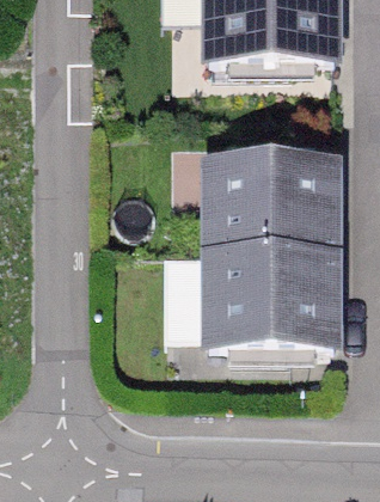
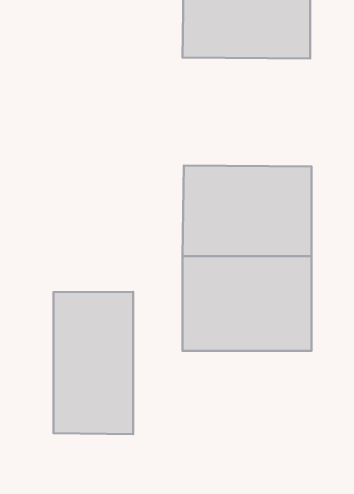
building: none -> [54,292,133,434]

